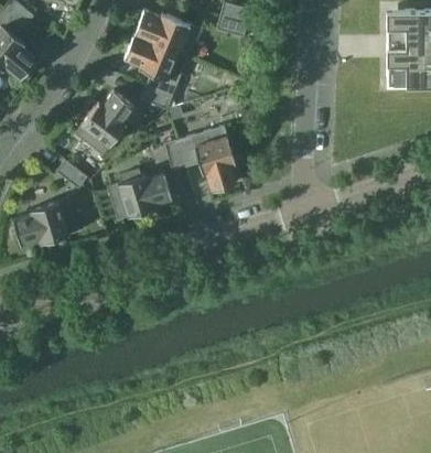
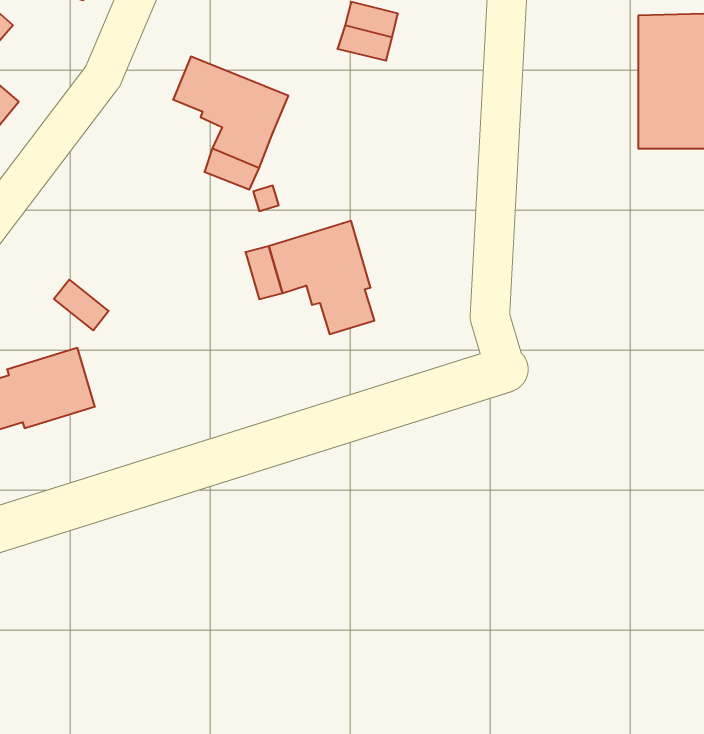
building: [133,10,200,56] -> none
building: [75,90,134,155] -> none
building: [107,170,172,219] -> none

